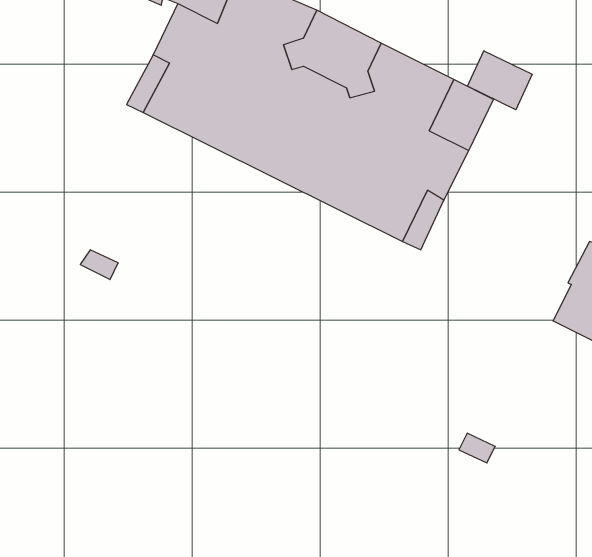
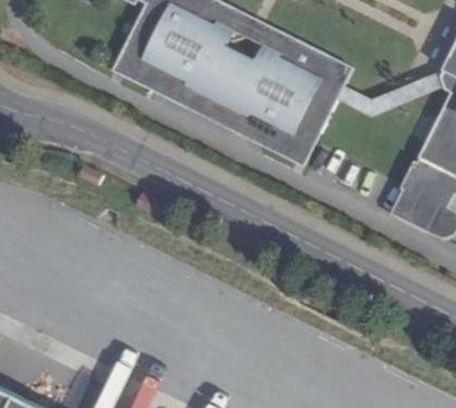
building: [467,51,532,110] -> none

